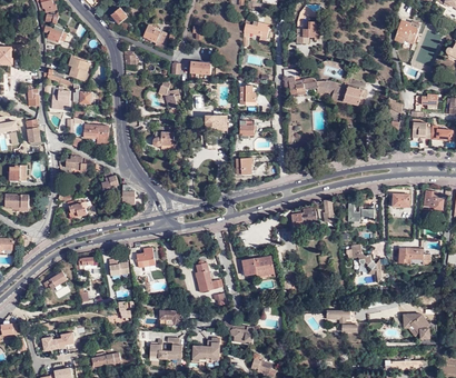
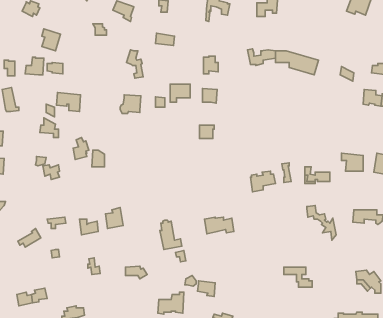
building: [150,335,182,359] -> none

